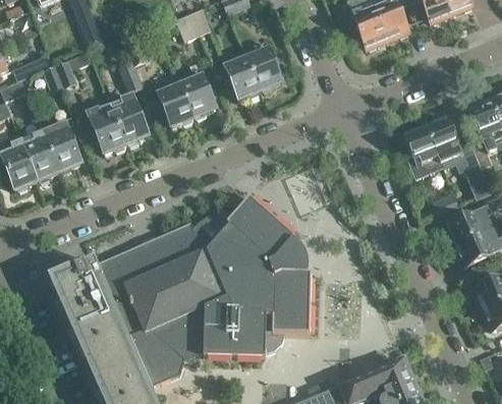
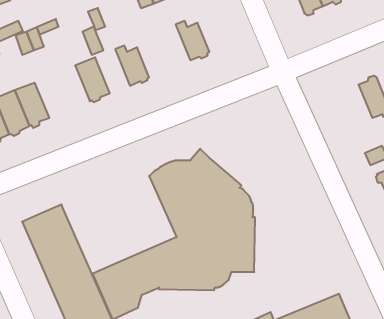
building: [246,41,281,91] -> none
building: [179,67,215,118] -> none
building: [89,104,126,153] -> none
building: [405,125,443,177] -> none
building: [97,222,223,336] -> none

